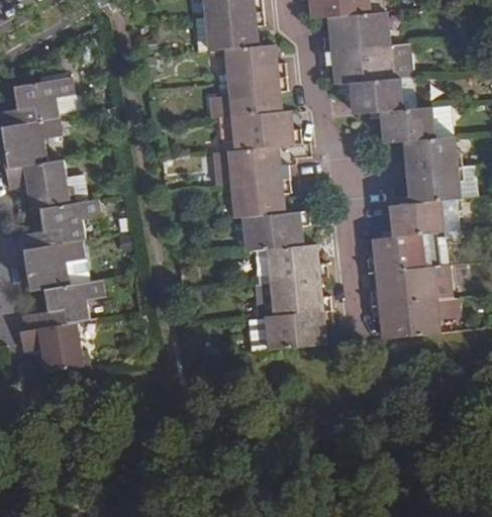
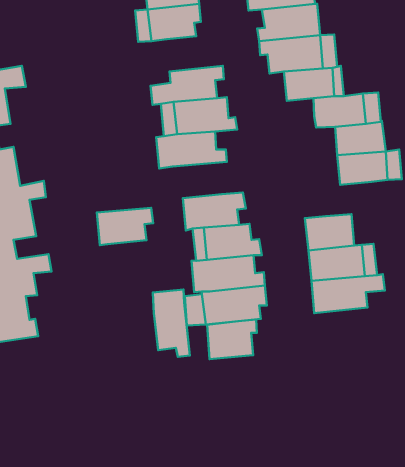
building: [226,43,286,82] -> none
building: [232,178,292,217] -> [97,208,153,245]
building: [391,199,447,235] -> none
building: none -> [153,289,190,357]
building: none -> [207,320,257,359]

